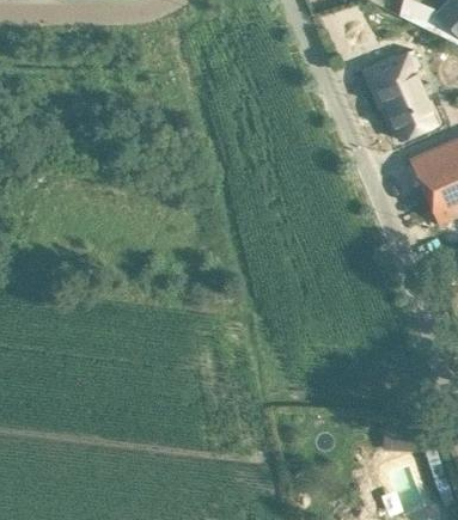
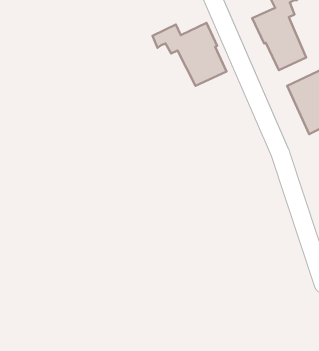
building: none -> [153,23,227,86]

